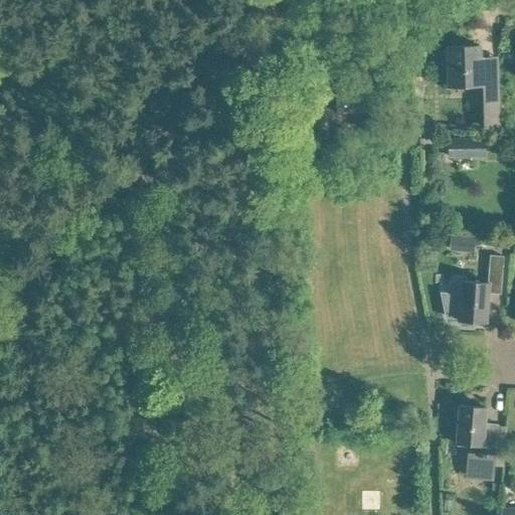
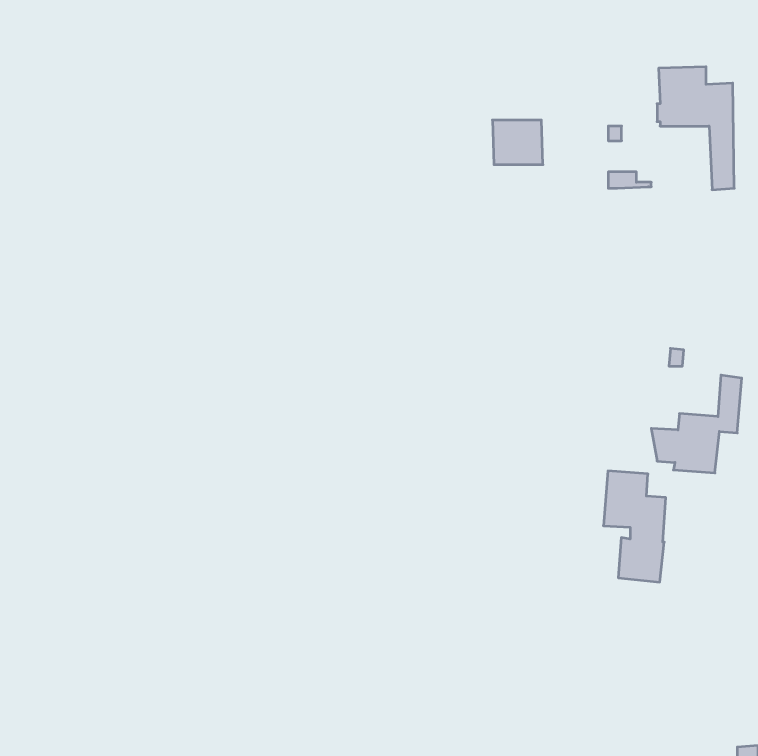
building: [448,139,485,159] -> none
building: [455,406,497,482] -> [603,471,666,582]

